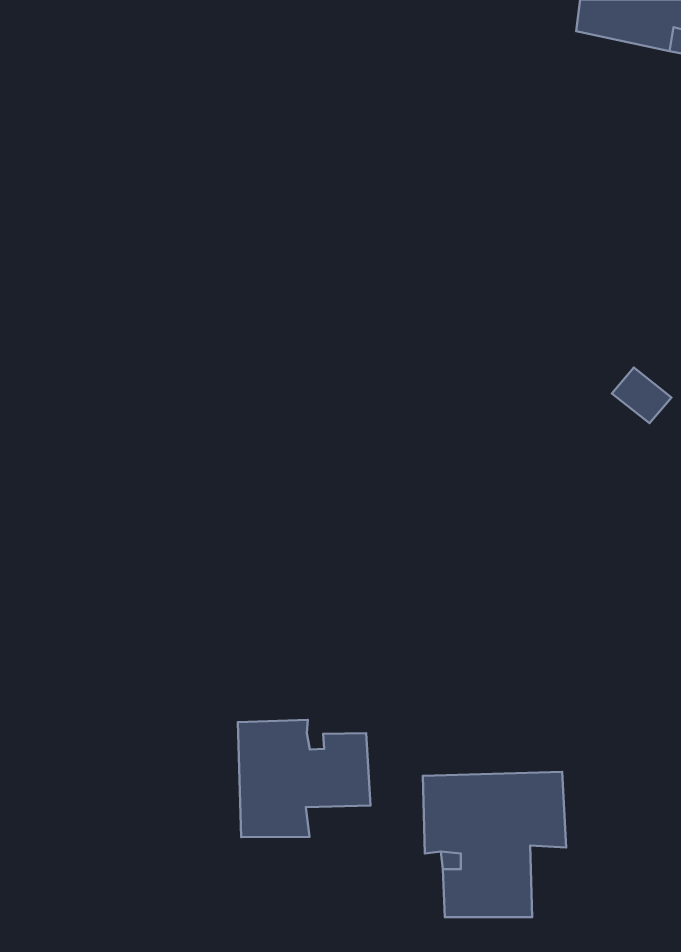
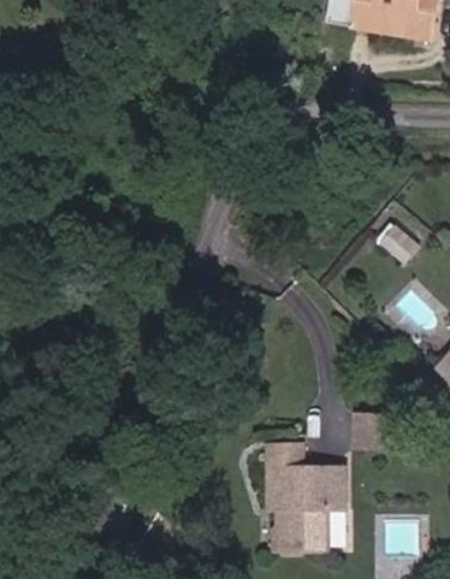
building: [238,720,371,837] -> none

